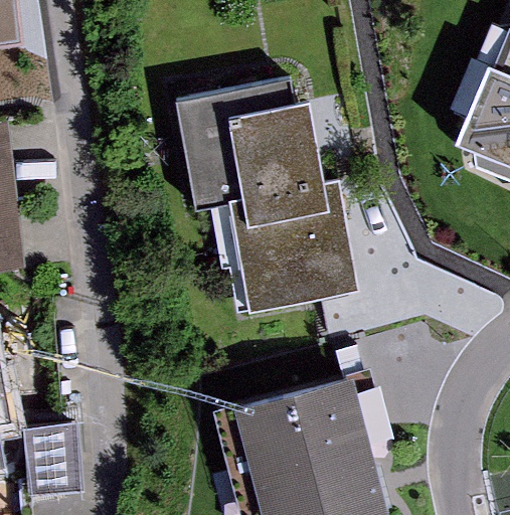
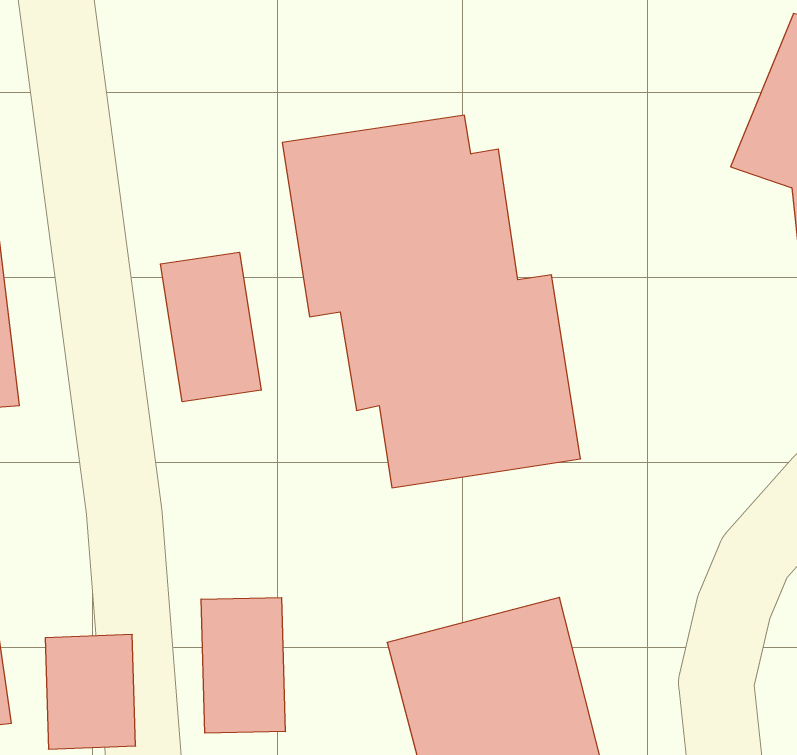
building: none -> [160,252,261,402]
building: none -> [201,598,285,733]

